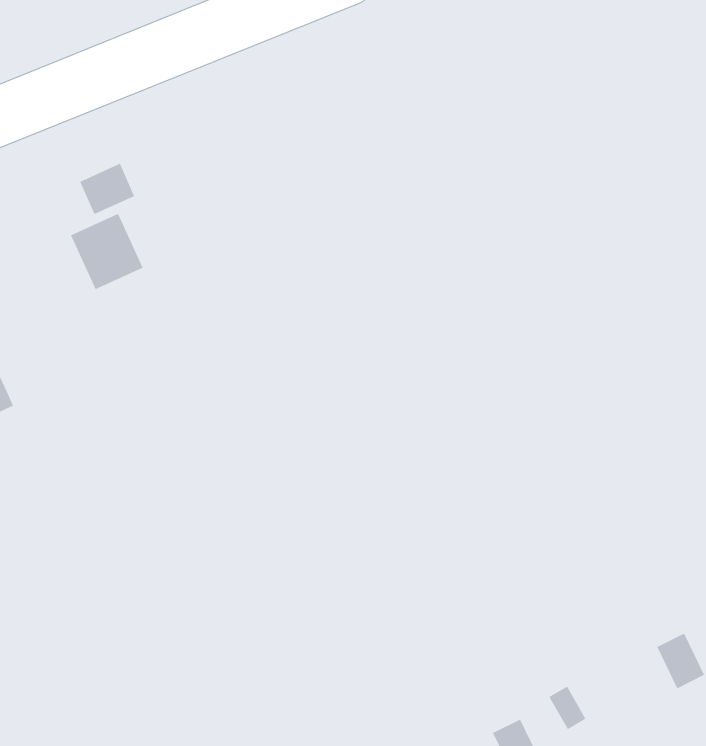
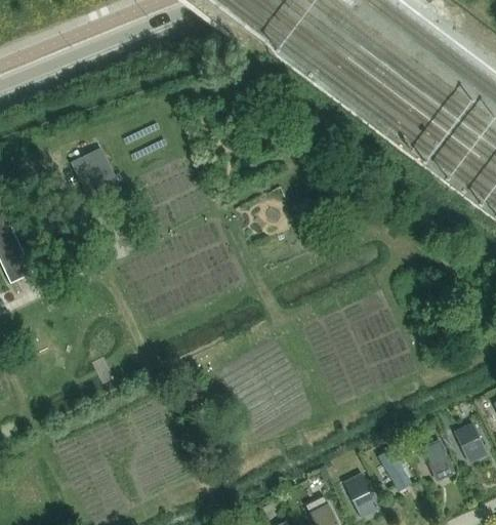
building: [80,163,135,215] -> none
building: none -> [423,440,452,480]

